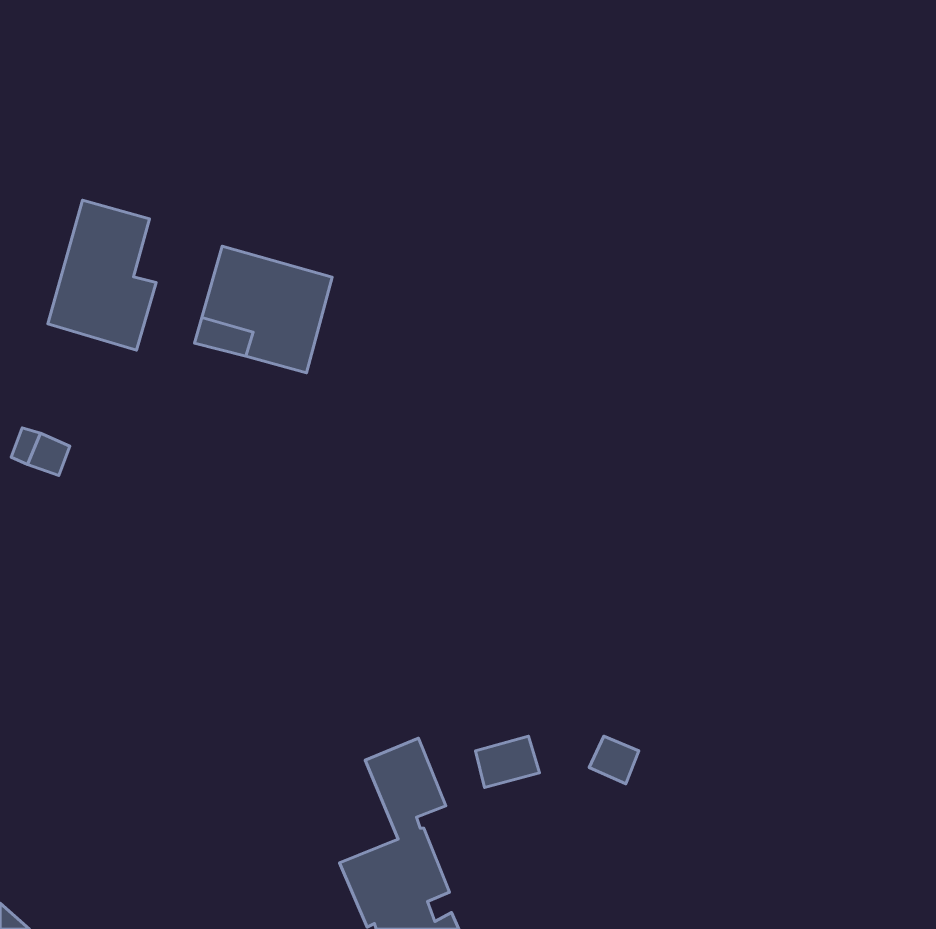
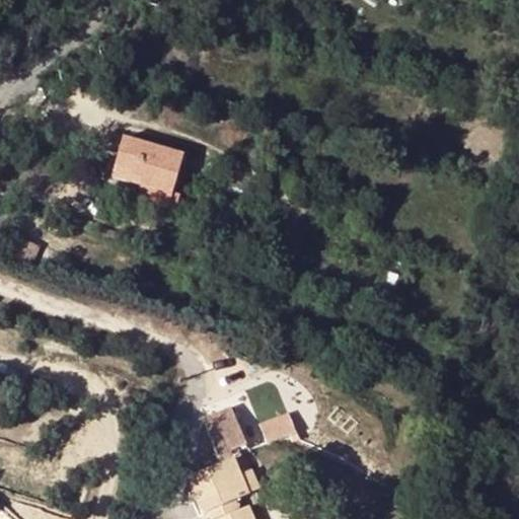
building: [48,200,156,350] -> none

